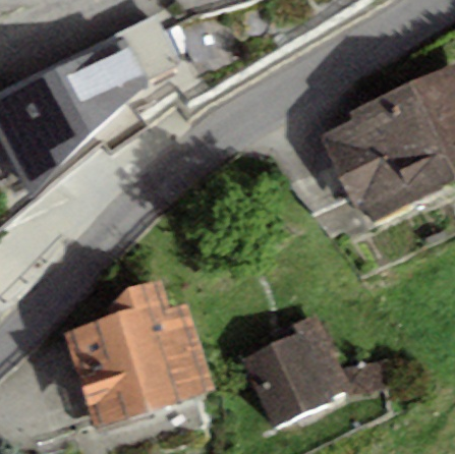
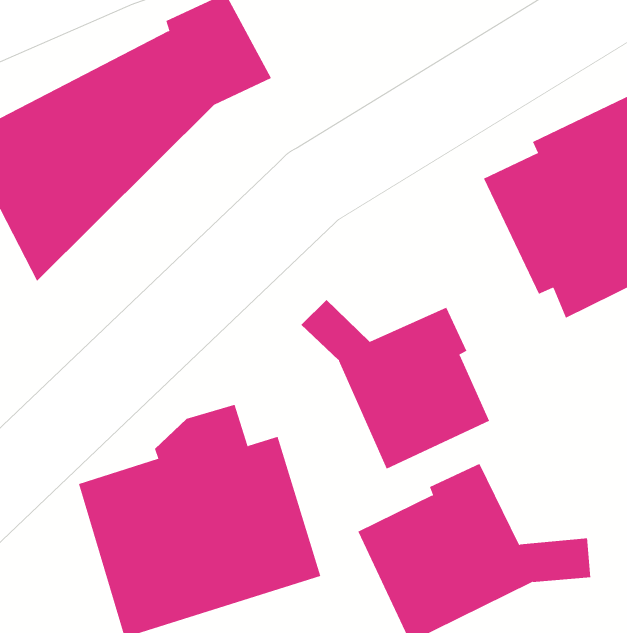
building: none -> [300,299,490,469]

